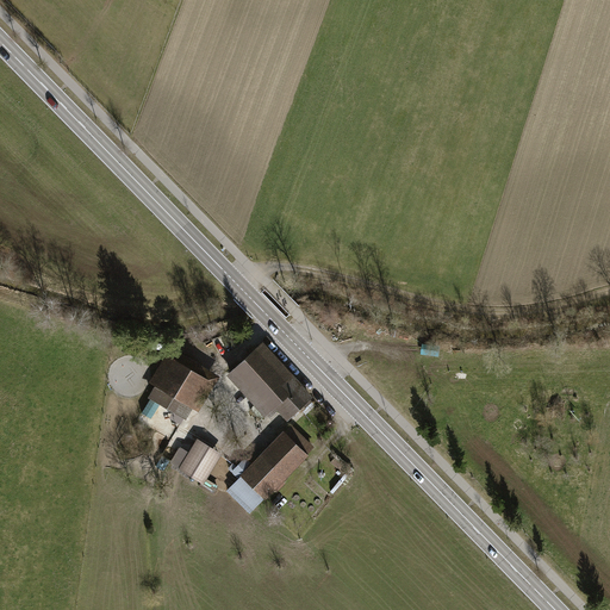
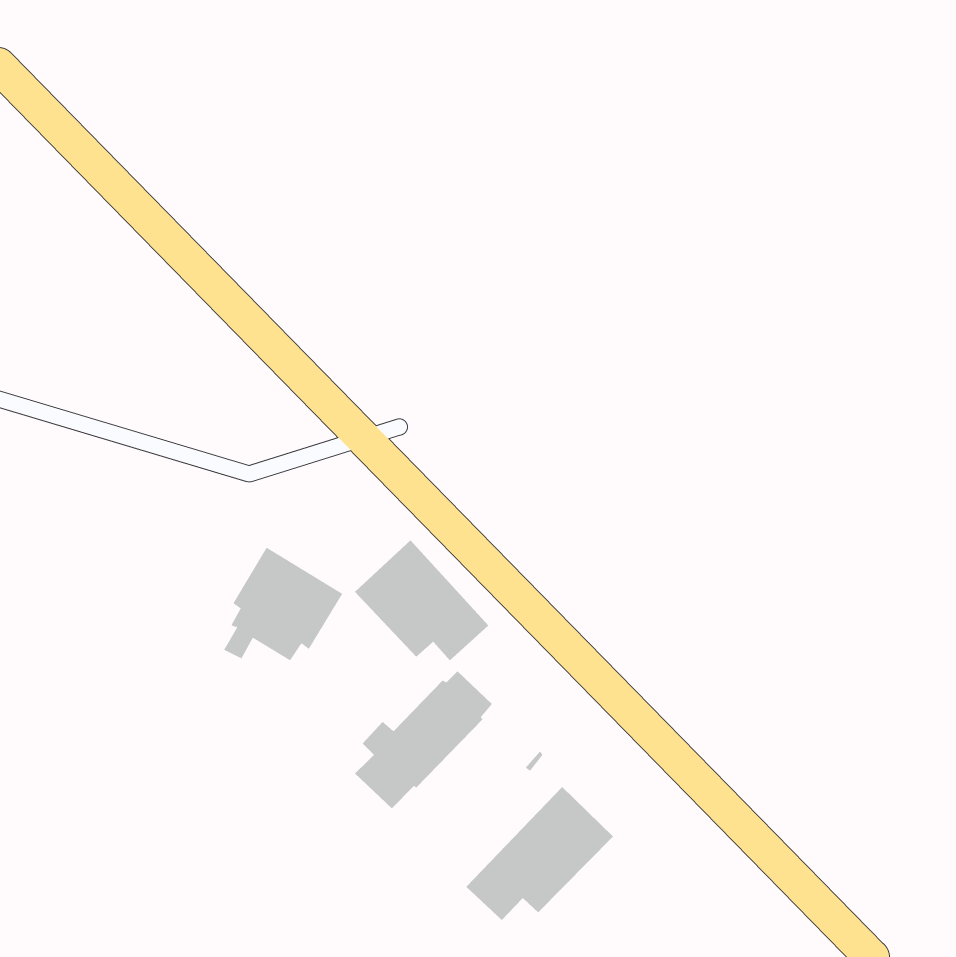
building: [168,440,220,485] -> none
building: none -> [466,786,614,921]

